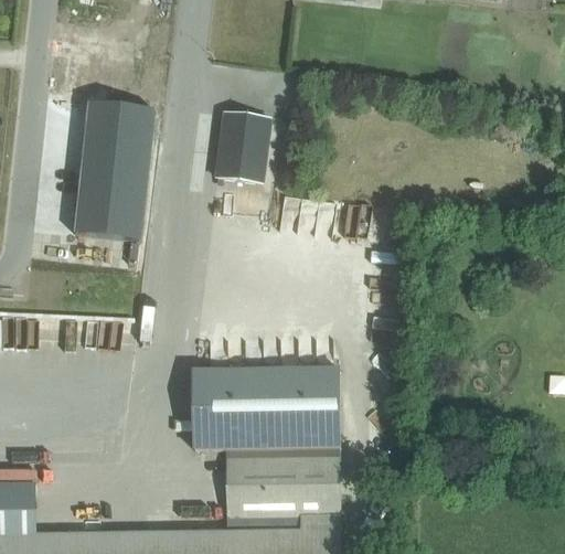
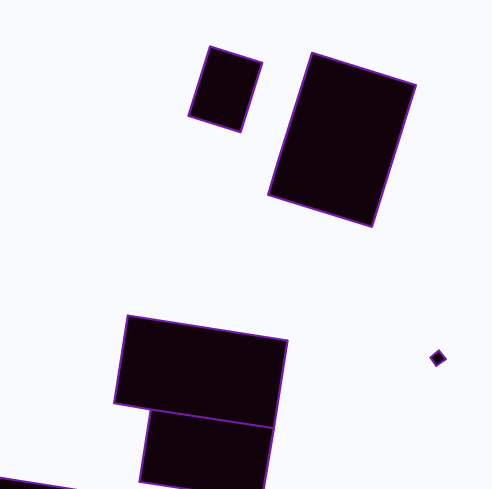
building: none -> [268,53,416,227]
building: [75,102,156,239] -> none

